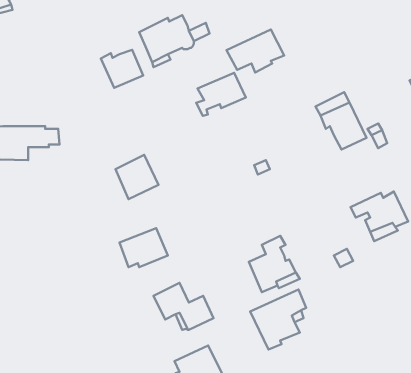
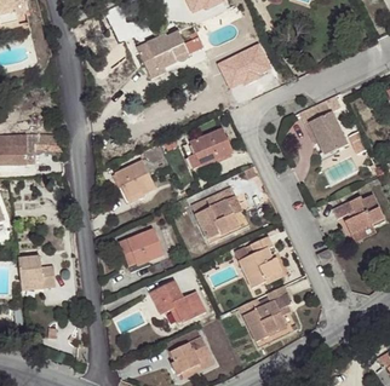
building: [101,50,143,88] -> none
building: [196,73,246,116] -> [188,127,234,167]
building: none -> [191,185,240,238]
building: none -> [17,254,55,286]

